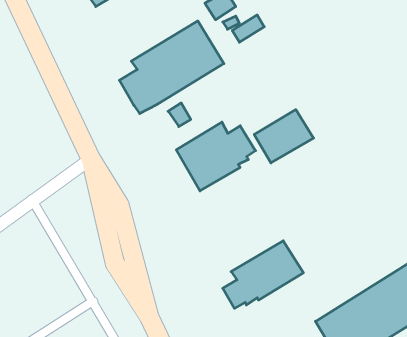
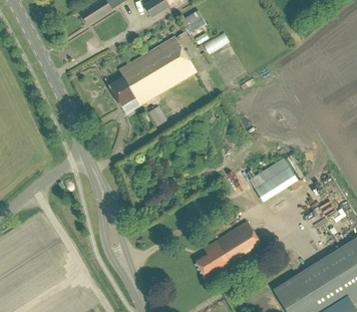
building: [254,110,314,163] -> [251,157,301,202]
building: [176,122,256,191] -> none

